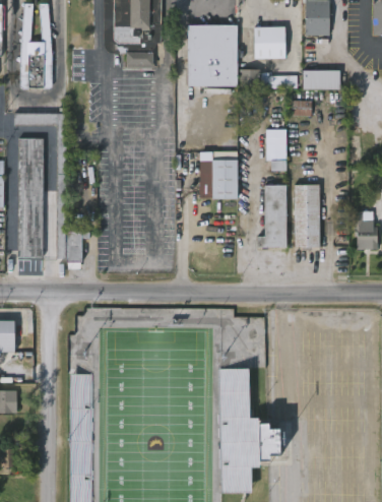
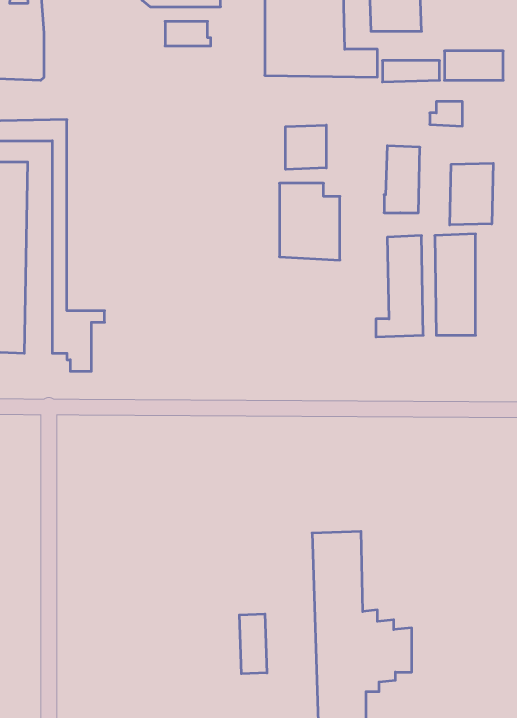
building: none -> [286,125,326,169]
building: none -> [450,163,493,225]
building: none -> [239,614,267,674]

